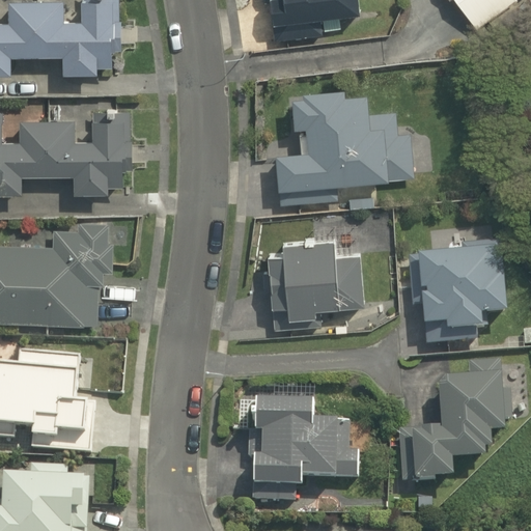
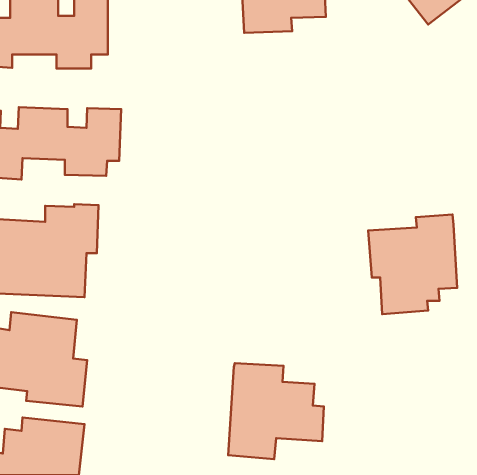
building: [275,93,411,203] -> none
building: [267,242,361,326] -> none
building: [396,358,505,482] -> none

